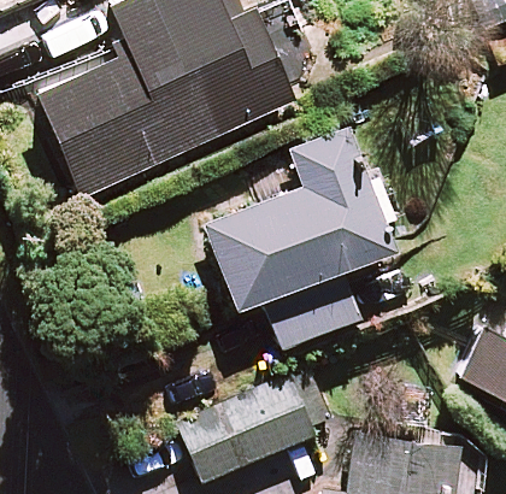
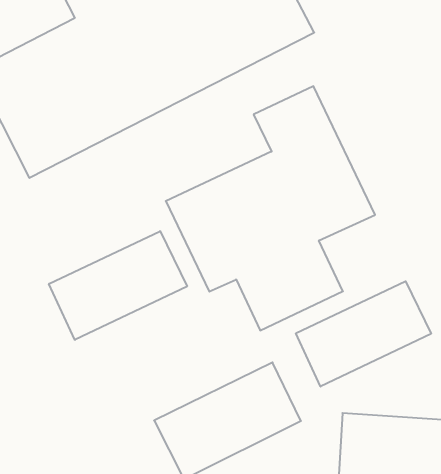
building: none -> [49,231,187,340]
building: none -> [296,281,431,387]

